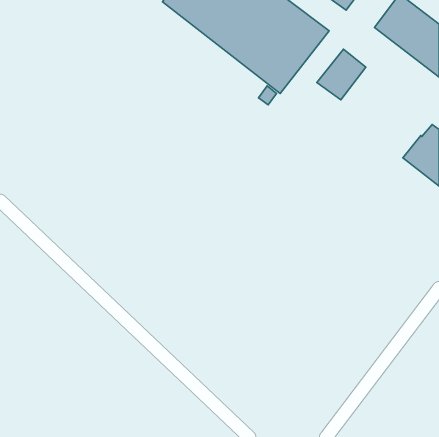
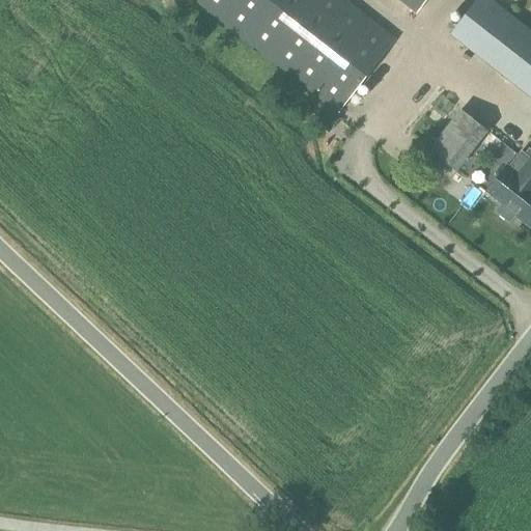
building: [317,49,366,100] -> [429,108,488,169]

